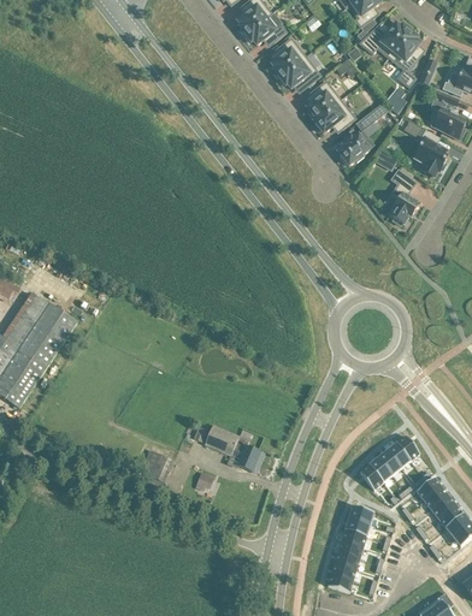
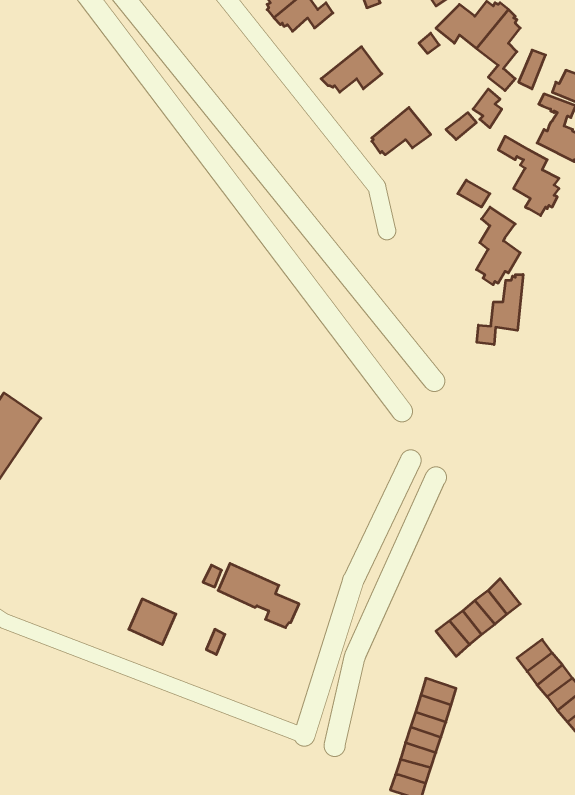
building: [271,37,306,78] -> none
building: [306,79,340,120] -> none
building: [337,134,368,165] -> none
building: none -> [477,274,523,345]

